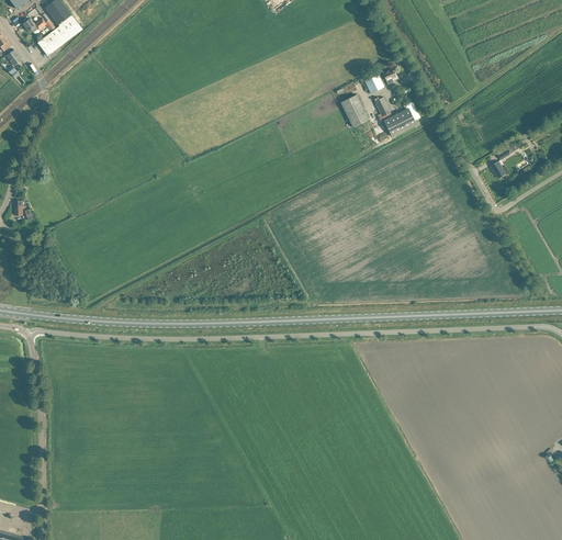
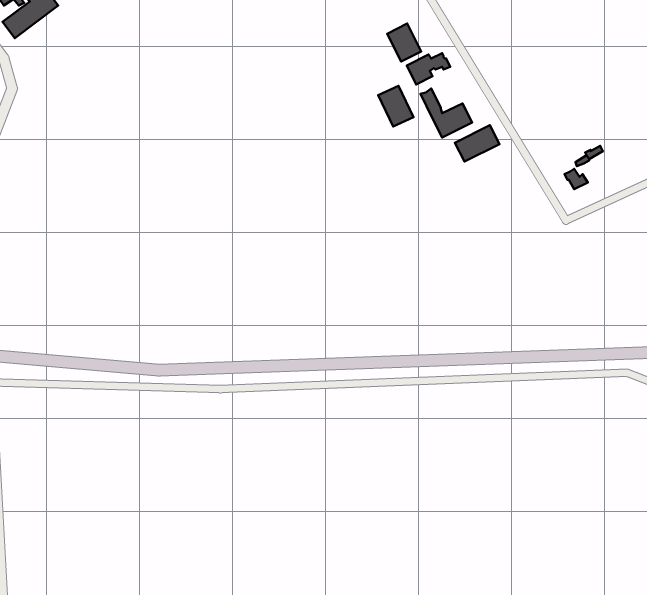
building: none -> [387,24,421,62]
building: none -> [455,125,500,162]

